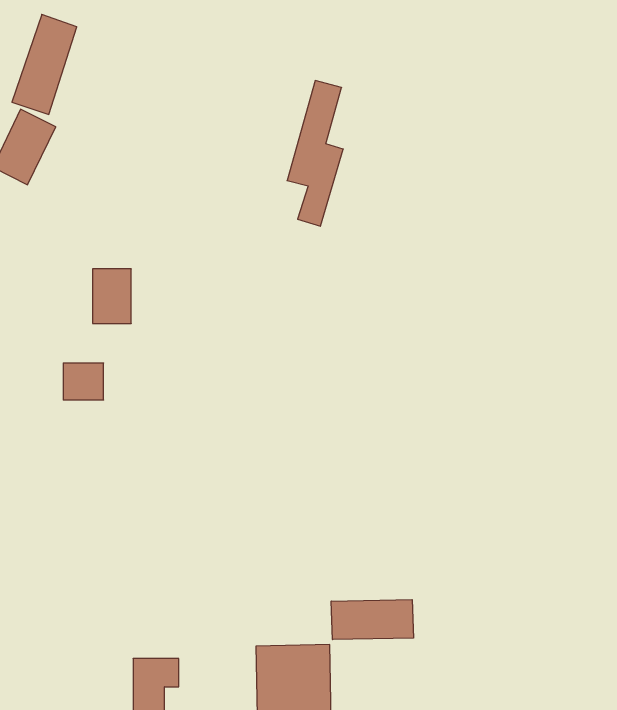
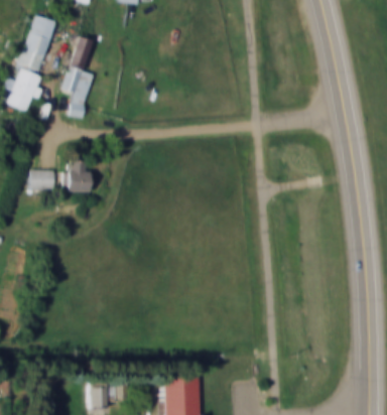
building: [287,81,343,226] -> [60,35,93,119]
building: [63,363,104,400] -> [29,169,52,190]
building: [331,600,413,640] -> none

